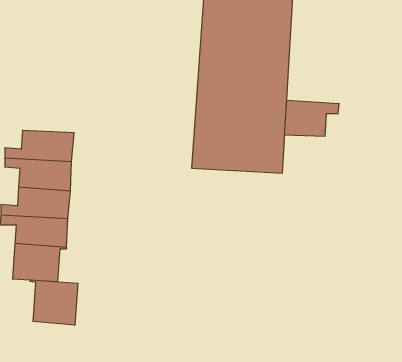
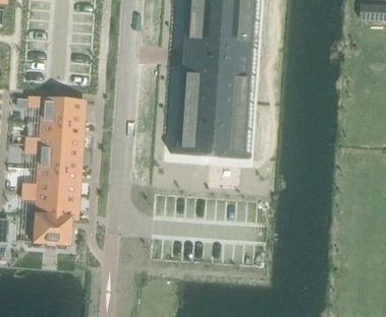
building: none -> [30,97,84,124]
building: [285,100,339,136] -> none
building: [30,280,78,325] -> none

